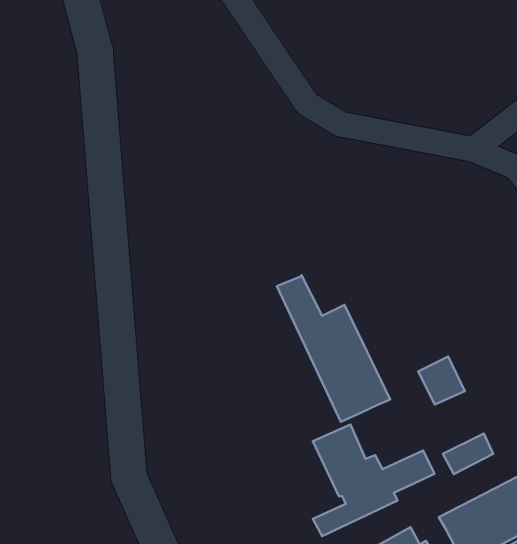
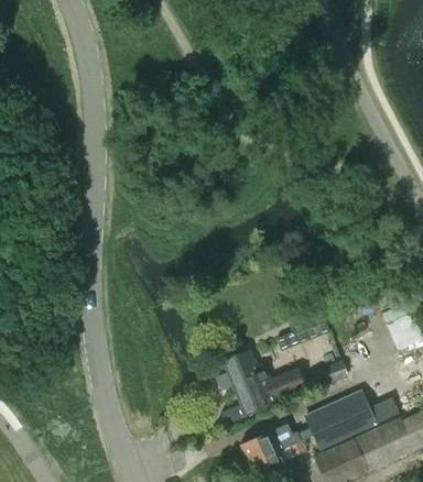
building: [277,275,390,422] -> none

